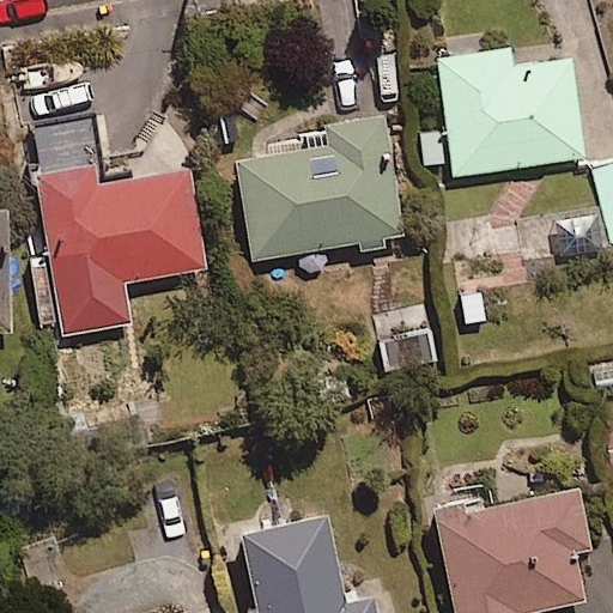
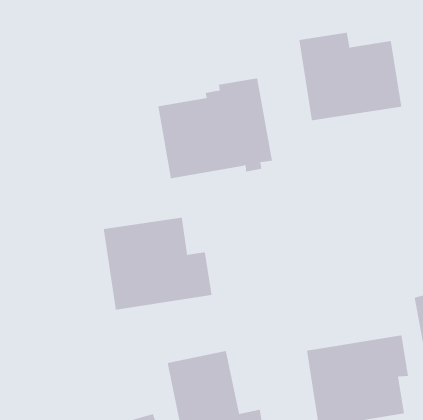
building: [43,166,206,299] -> none
building: none -> [103,217,212,310]

